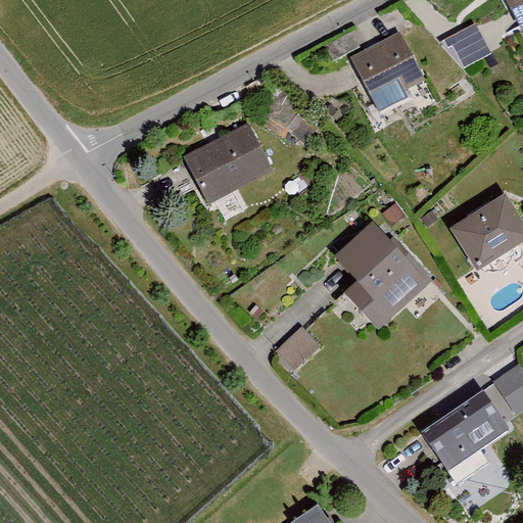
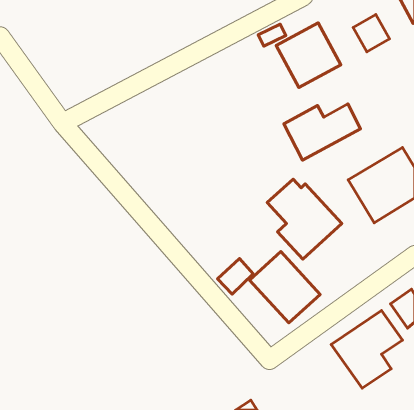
building: [185,124,273,201] -> none
building: none -> [284,104,361,160]
building: none -> [249,252,320,323]

